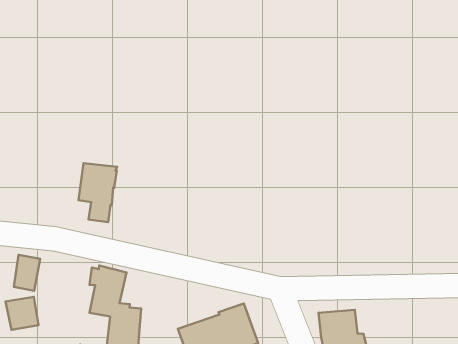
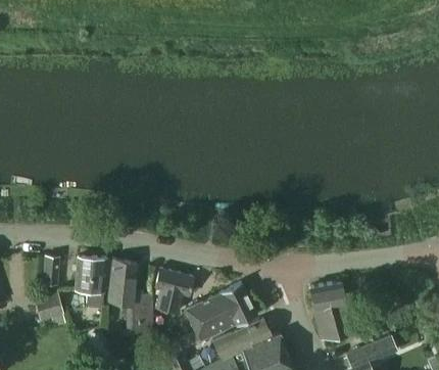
building: [78,163,117,222] -> [75,259,106,309]
building: none -> [156,269,193,314]

